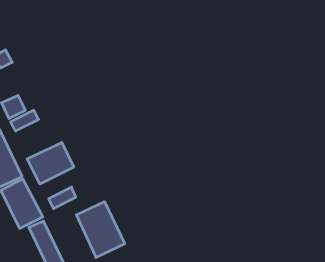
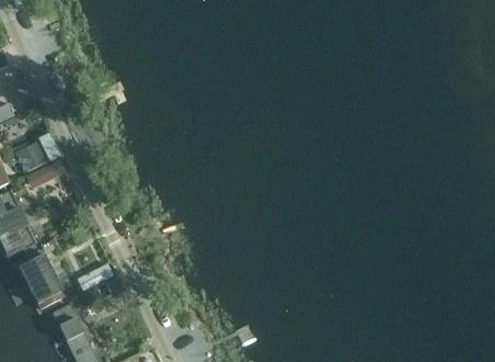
building: [27,142,74,184] -> none
building: [76,202,125,258] -> none

